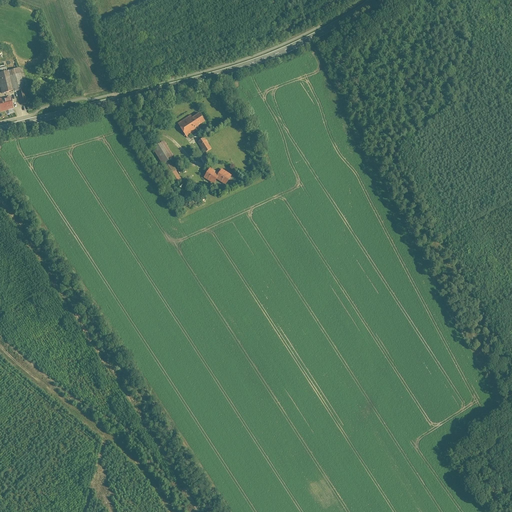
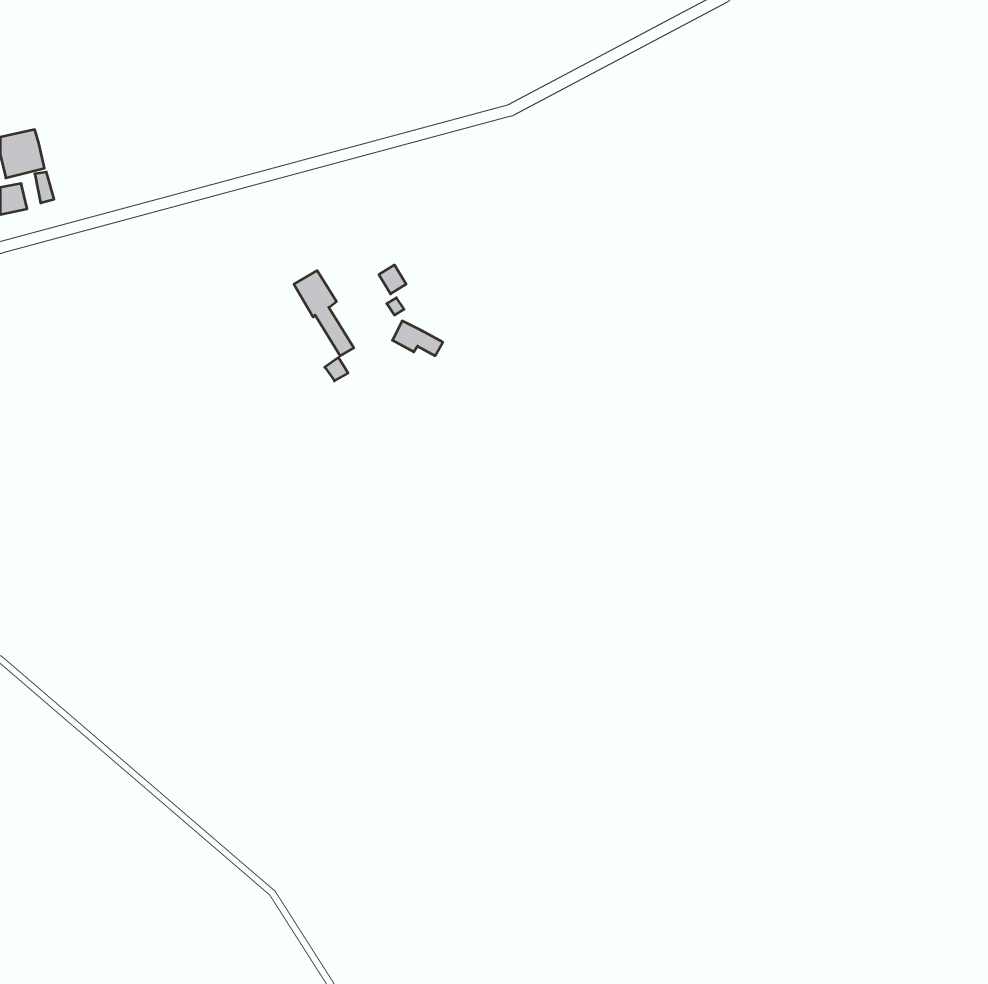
building: [177,113,204,138] -> none

